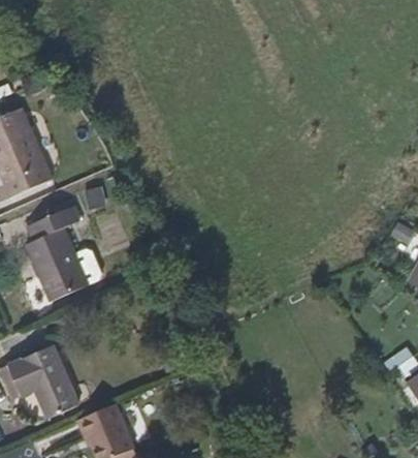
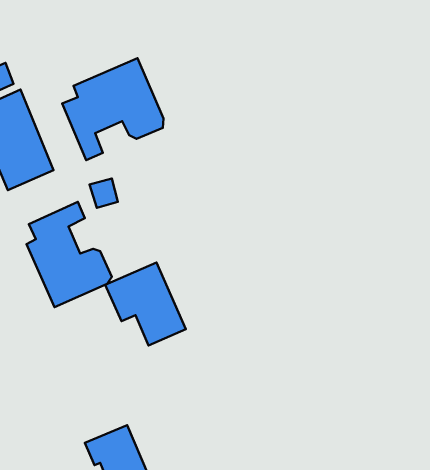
building: none -> [62,58,164,160]
building: [7,345,78,419] -> [105,263,186,346]

